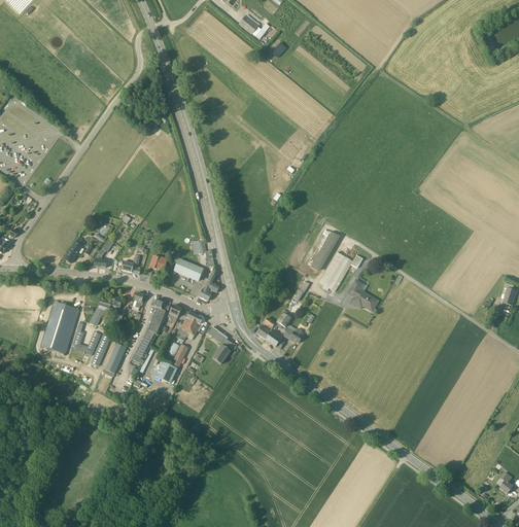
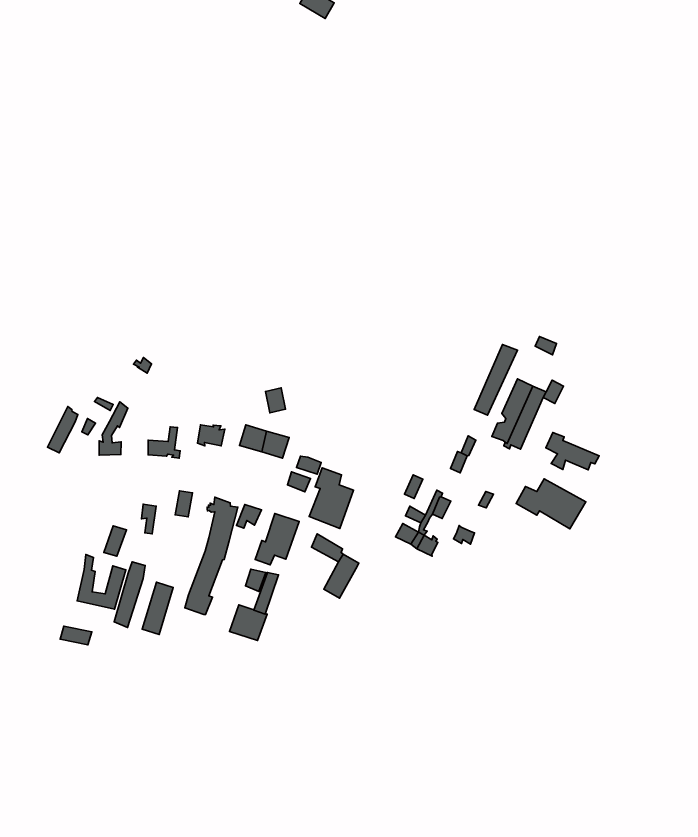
building: none -> [309,468,354,528]
building: [41,301,79,352] -> none
building: none -> [516,479,586,529]

